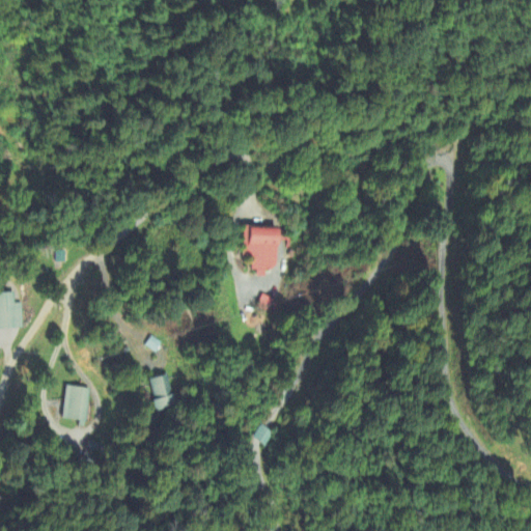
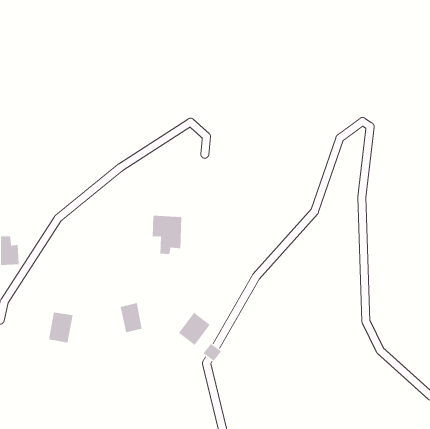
building: [242,226,279,275] -> [152,215,182,255]
building: none -> [178,312,210,346]

